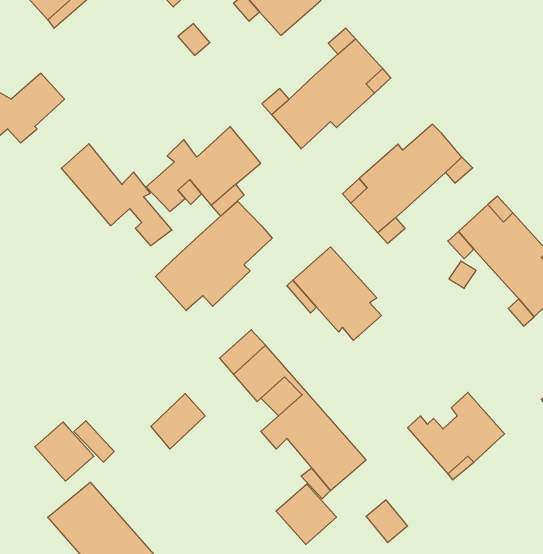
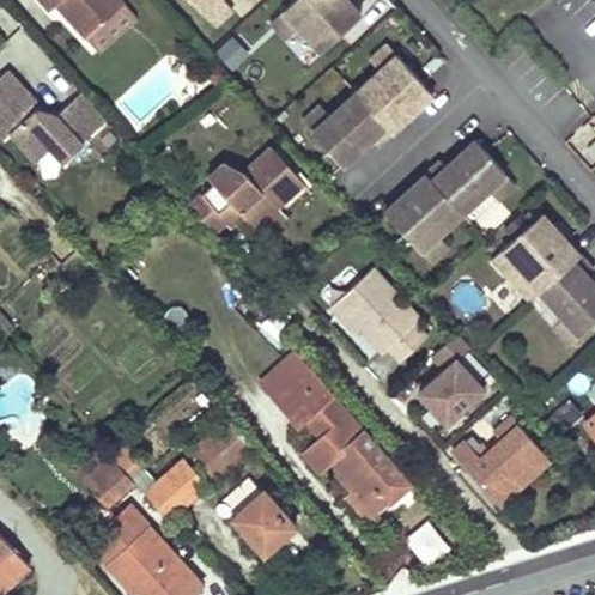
building: [61,144,172,246] -> none
building: [155,201,272,311] -> none
building: none -> [418,330,484,421]
building: none -> [142,460,202,518]
building: [276,484,336,544] -> [231,490,292,551]

